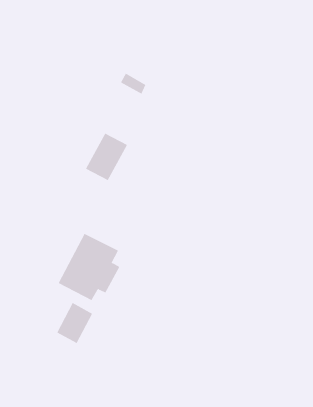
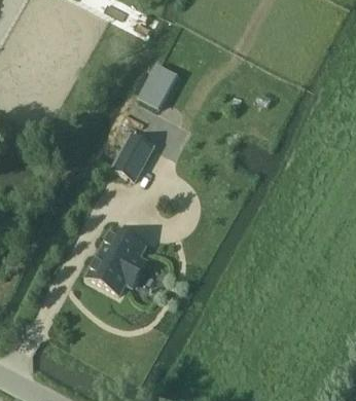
building: [57,302,93,344] -> none

